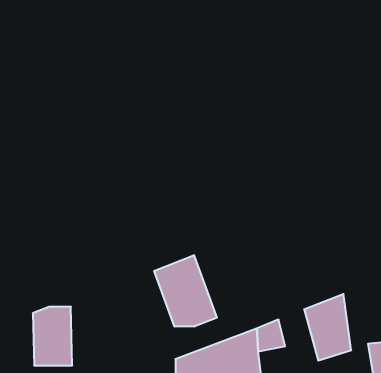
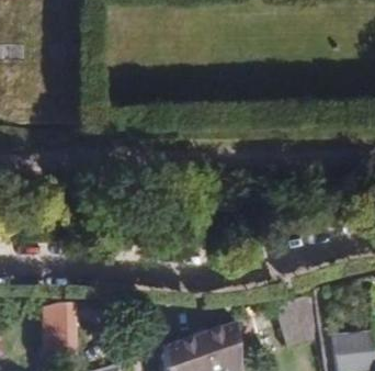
building: [154,255,217,327] -> none

